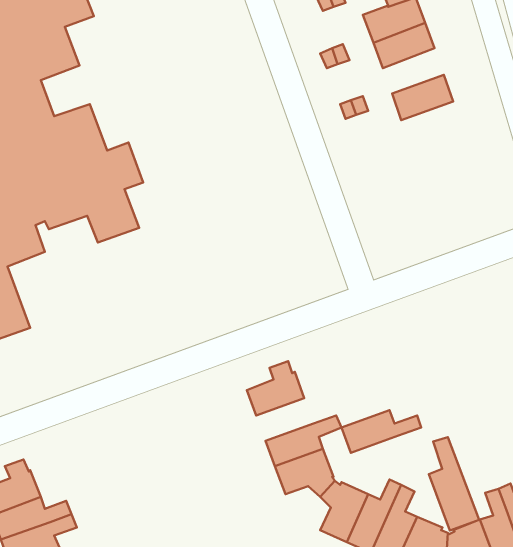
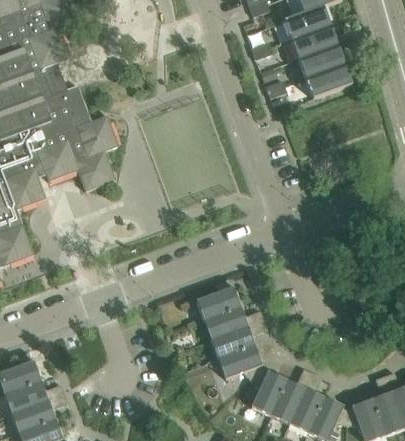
building: none -> [298,44,344,78]
building: [341,410,421,453] -> [203,307,263,339]
building: [429,437,479,531] -> none

